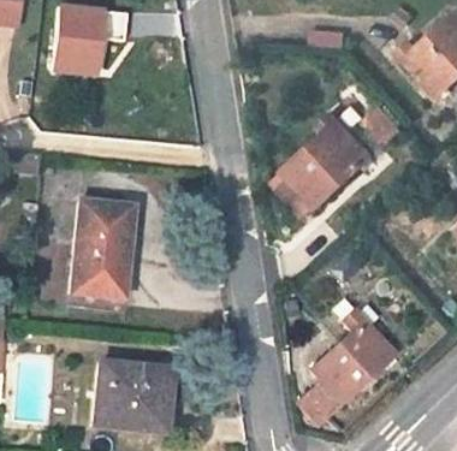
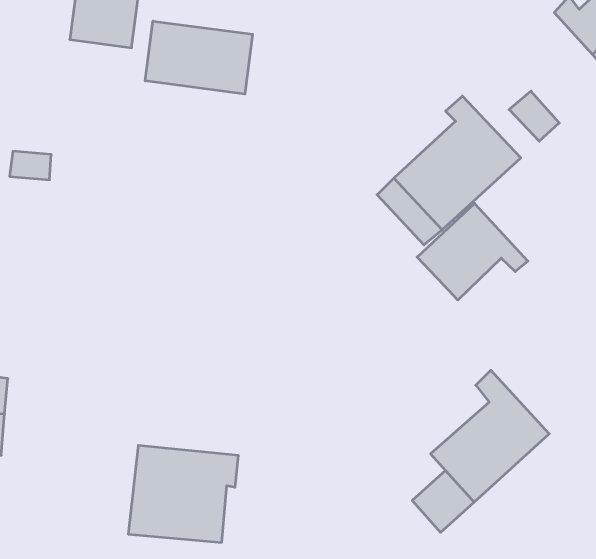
building: none -> [145,21,253,94]
building: none -> [417,203,528,300]
building: [70,201,133,298] -> none

